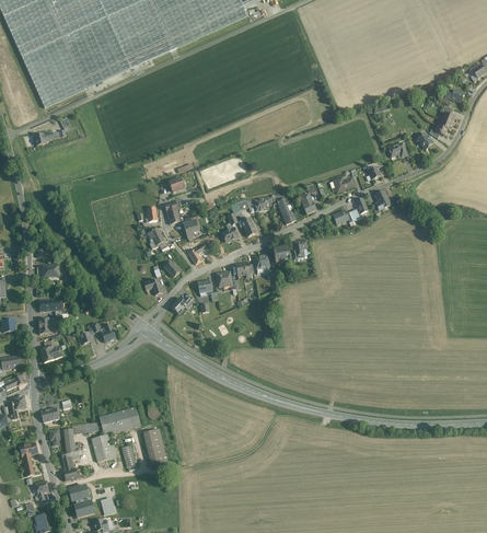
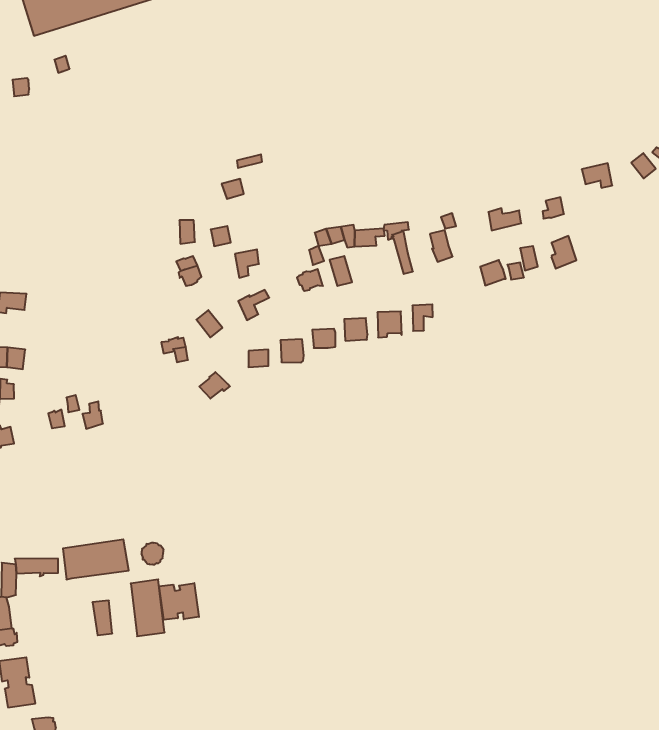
building: none -> [159,583,199,620]
building: [91,433,114,463] -> none

